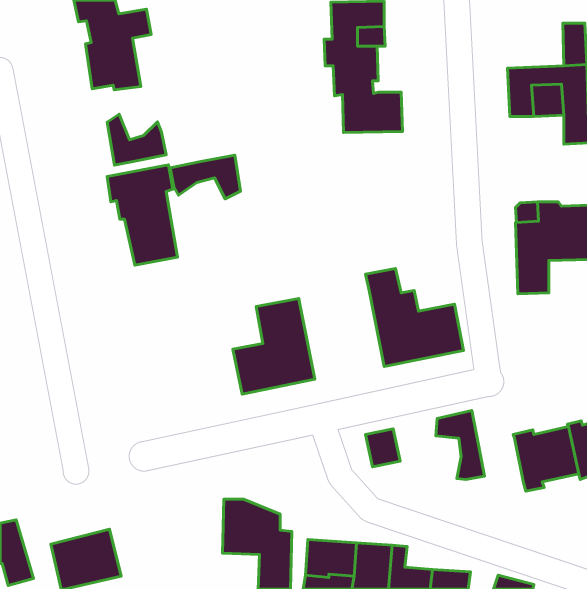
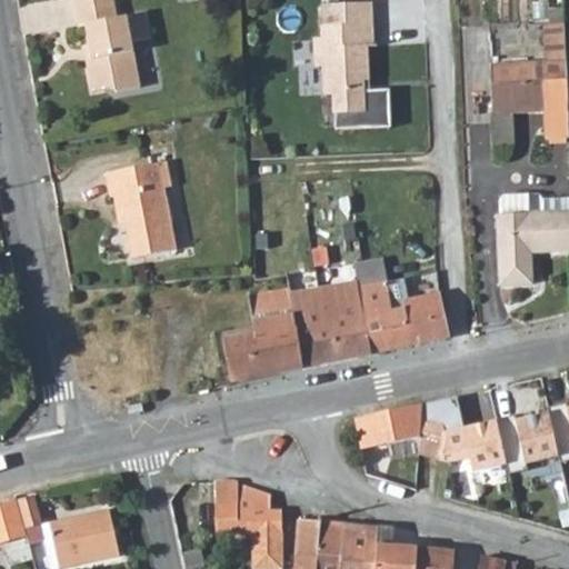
building: [107,114,166,165] -> none
building: [170,155,241,199] -> none
building: none -> [291,280,372,366]
building: none -> [381,403,423,445]
building: none -> [463,422,507,472]

